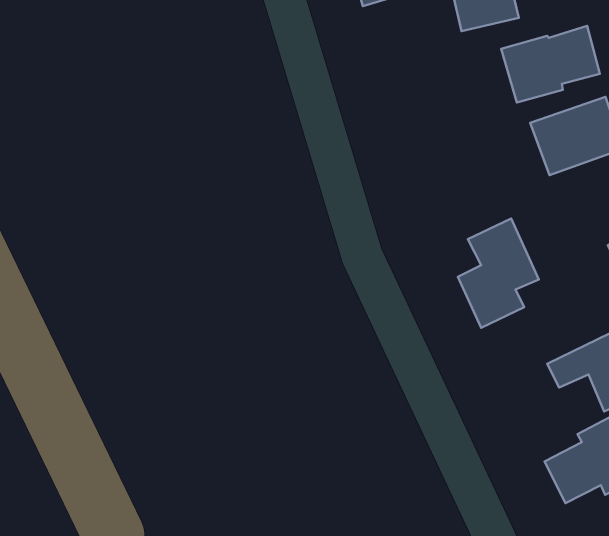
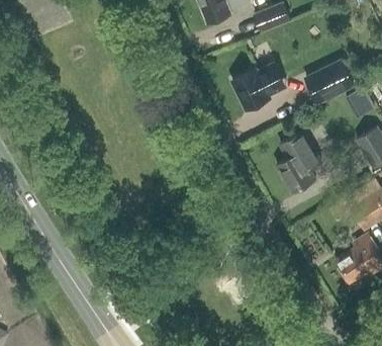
building: [501,26,600,103] -> [233,64,289,110]

